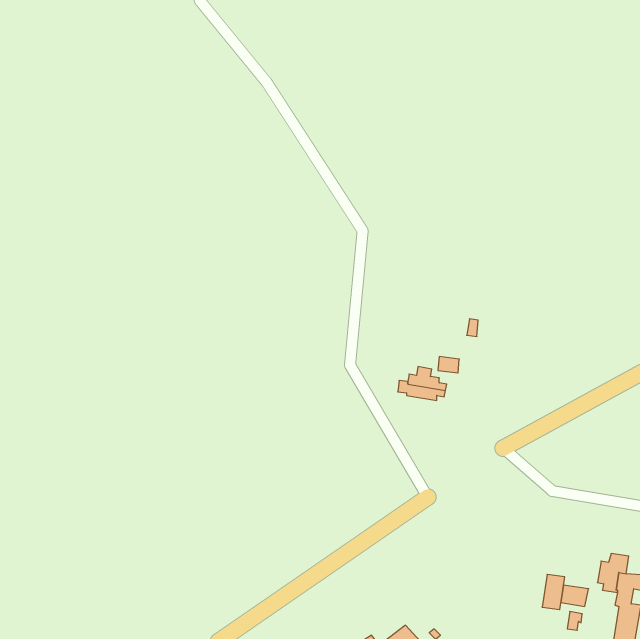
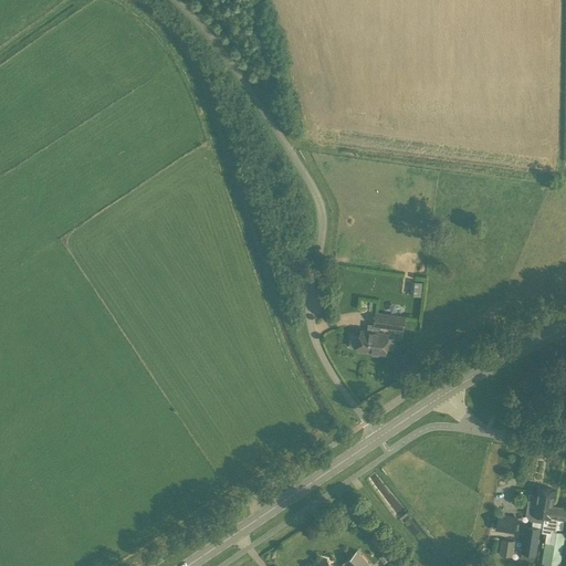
building: [542,574,565,610] -> [522,525,542,556]

